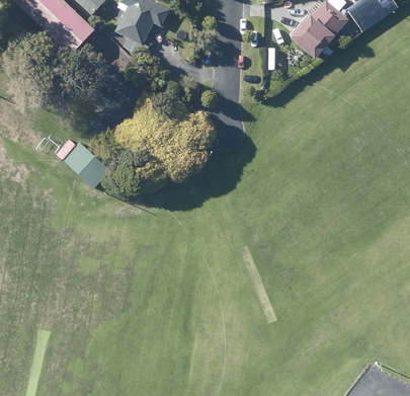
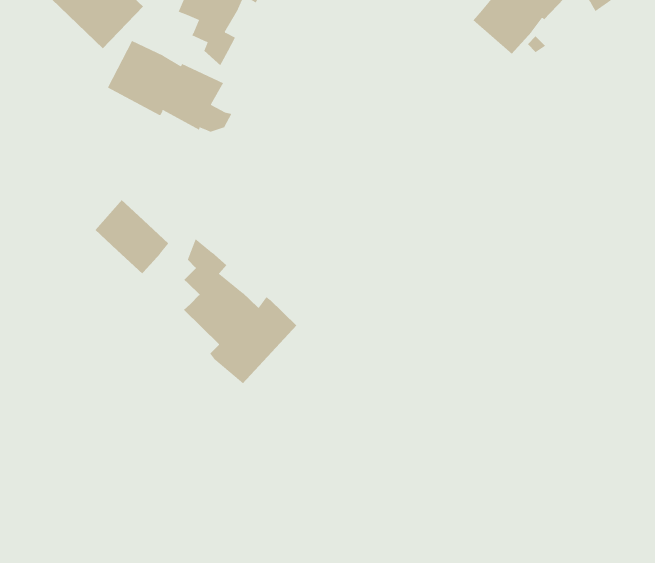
building: none -> [107,40,232,133]
building: none -> [183,238,297,384]

